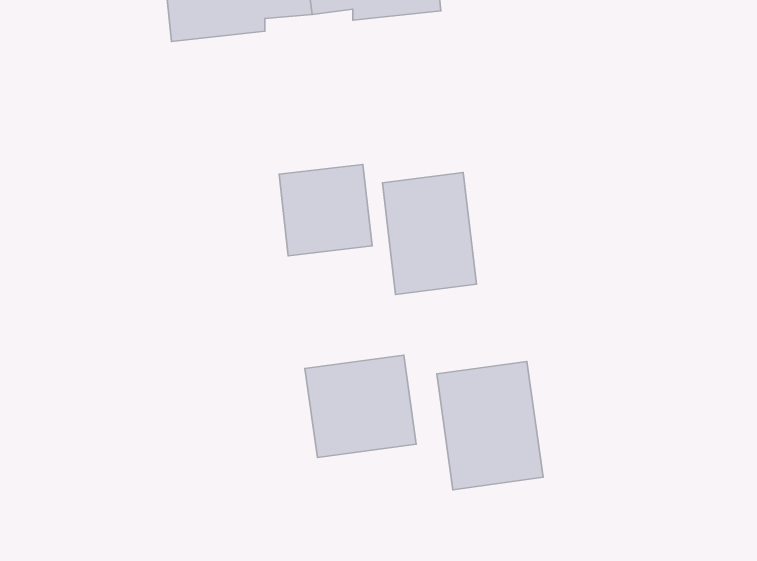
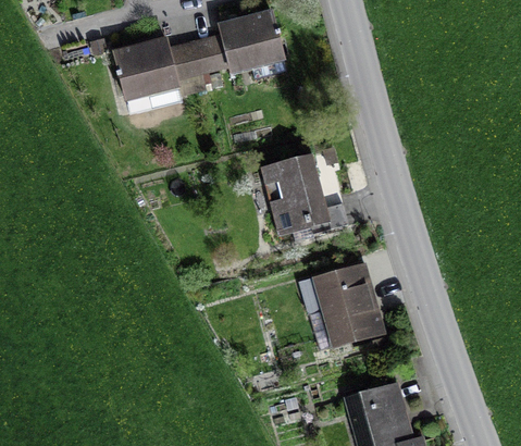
building: [279,164,372,256] -> none
building: [305,355,416,457] -> none

